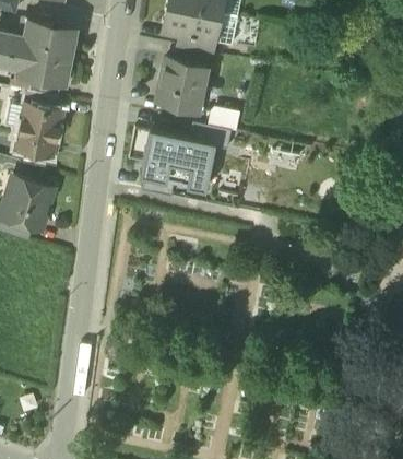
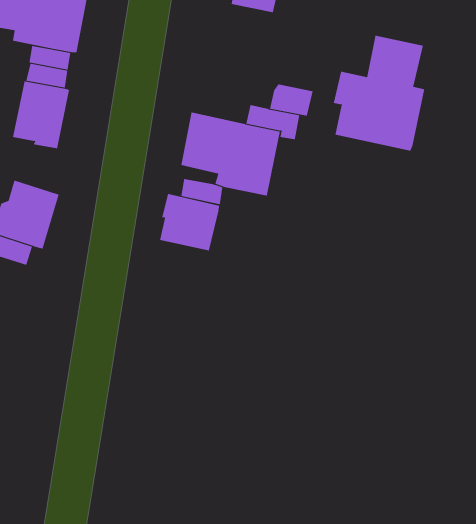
building: [157,60,206,110] -> none
building: none -> [333,35,425,151]
building: none -> [159,193,220,252]

